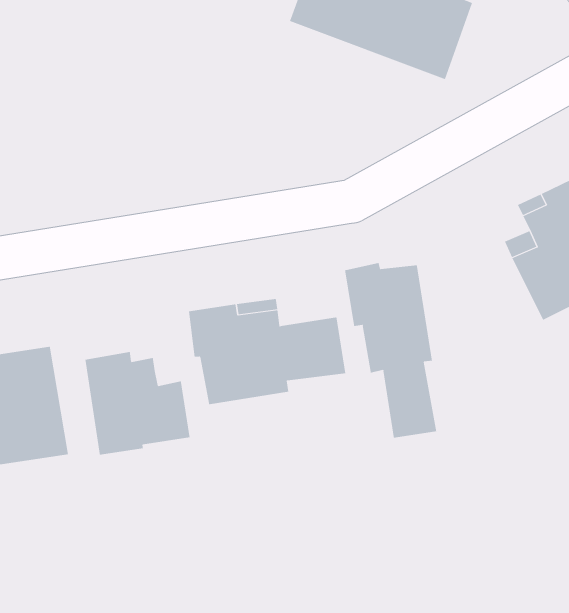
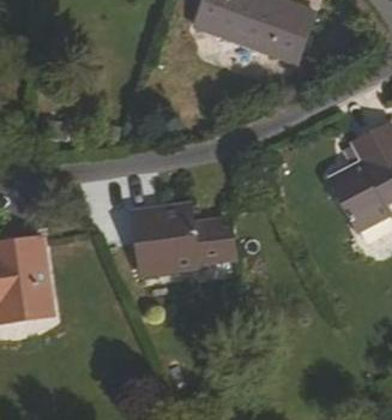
building: [345,262,437,438] -> none
building: [85,351,190,456] -> none

